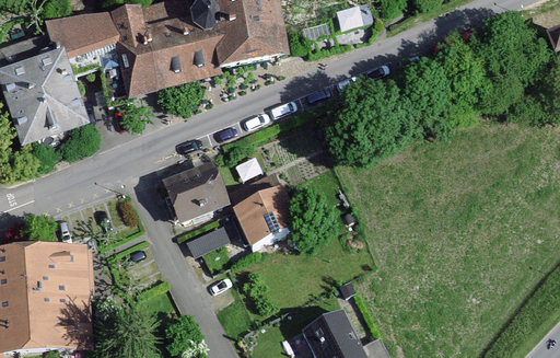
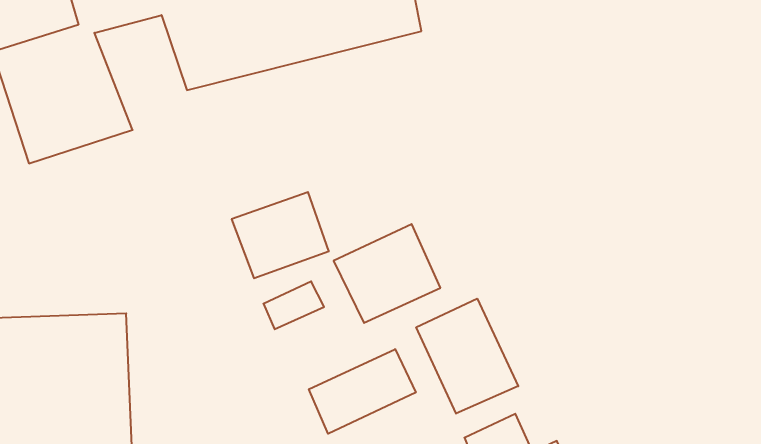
building: none -> [416,299,518,414]
building: none -> [309,349,416,434]

